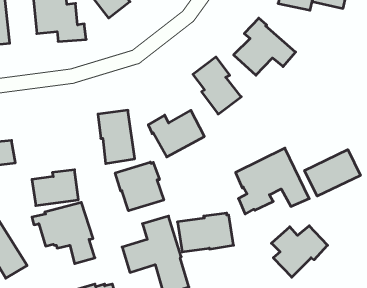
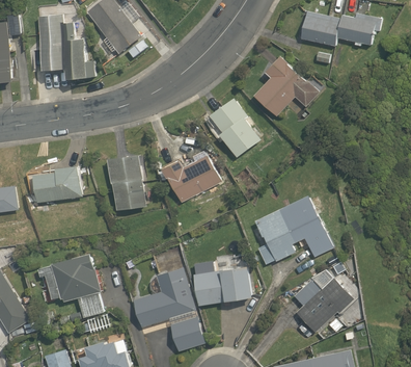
building: [305,150,360,196] -> none
building: [115,162,164,211] -> none
building: [32,170,78,206] -> [32,164,82,203]

